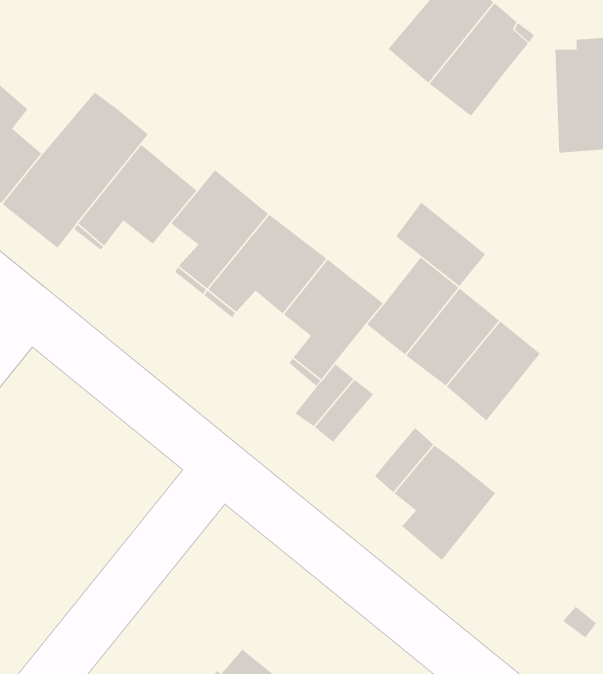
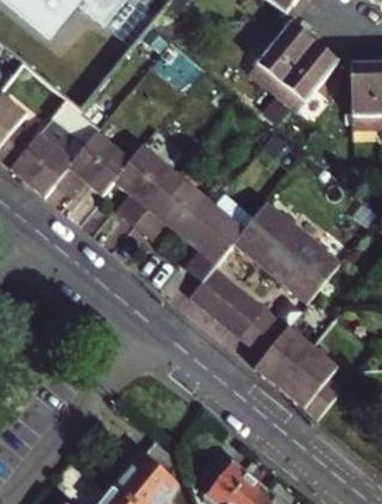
building: [395,202,486,287] -> none
building: none -> [214,285,263,334]
building: none -> [280,345,343,417]

